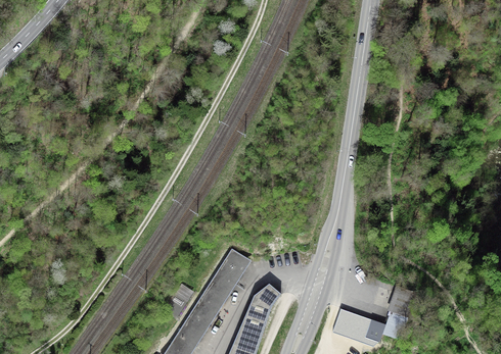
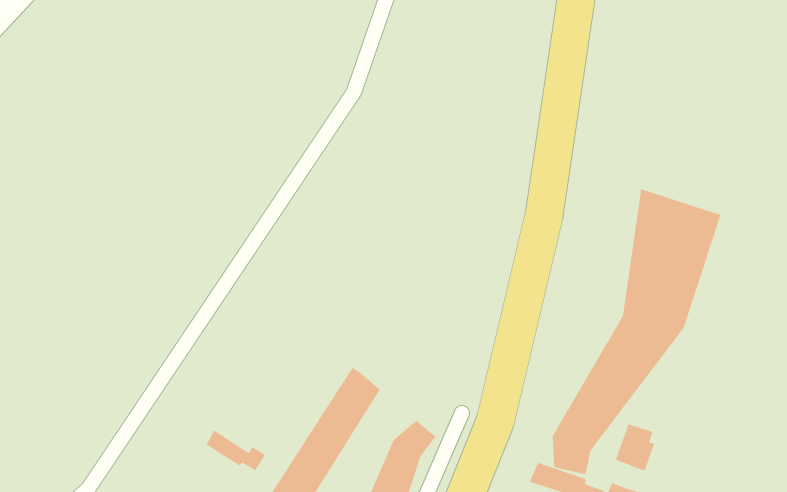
building: none -> [552,188,721,475]
building: none -> [206,430,266,472]

